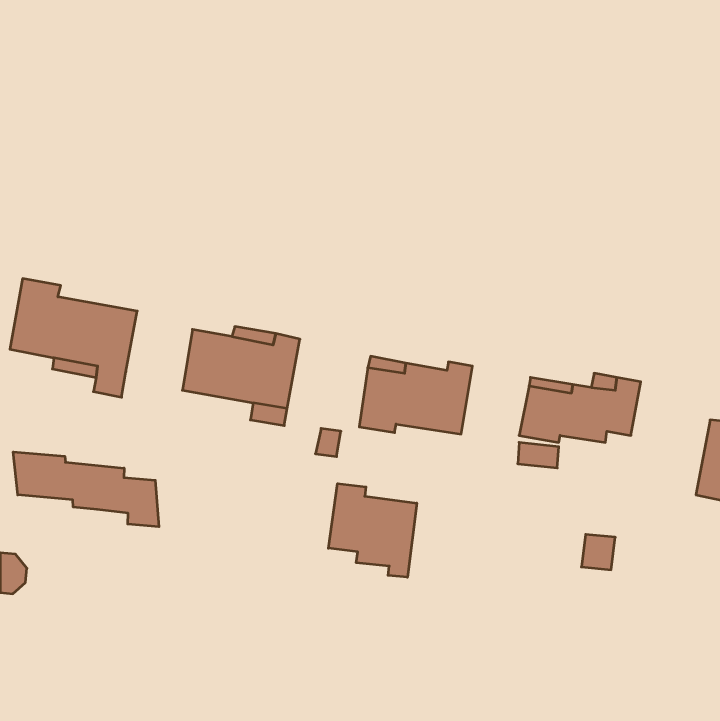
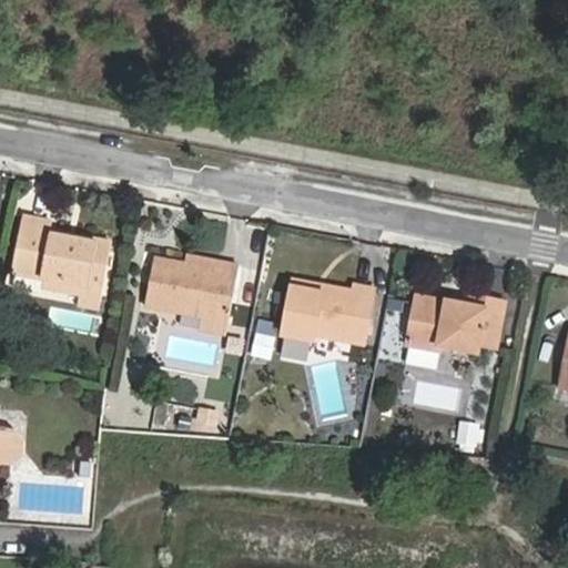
building: [13,452,159,527] -> none
building: [328,484,417,577] -> none

